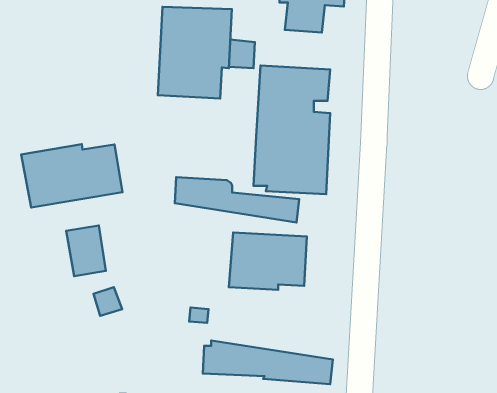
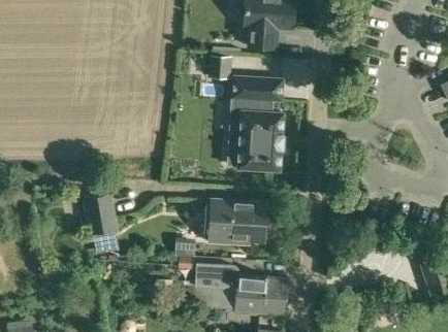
building: [158,7,232,98] -> none
building: [21,144,122,207] -> none
building: [175,177,299,222] -> [194,262,288,296]

